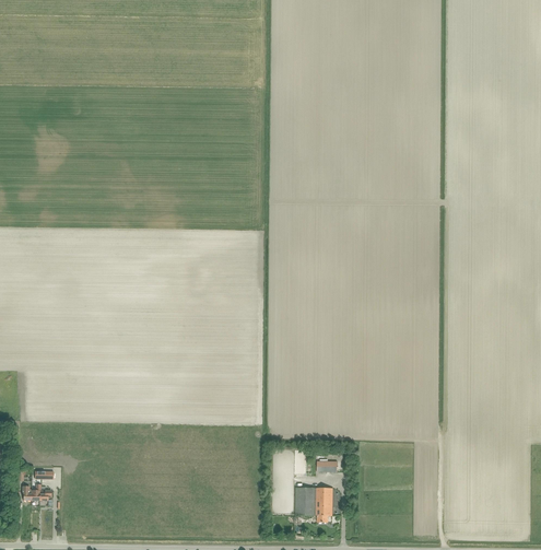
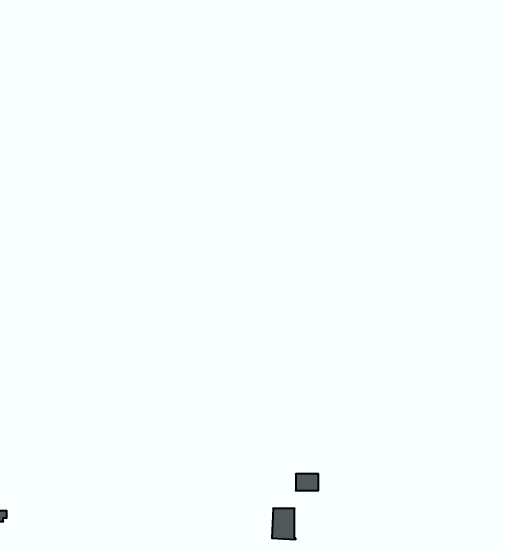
building: [316,488,332,522] -> none

